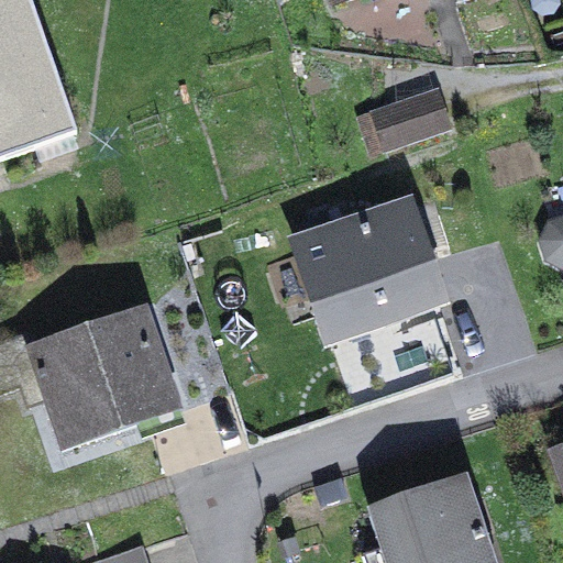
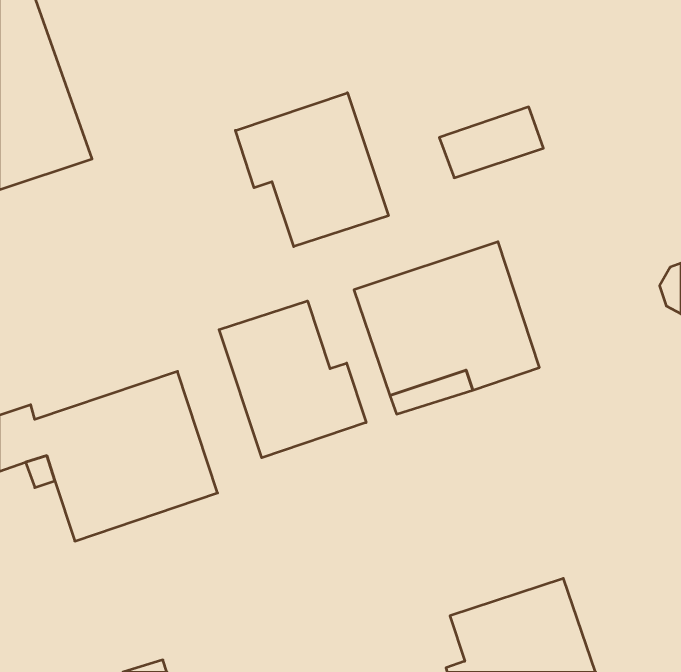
building: none -> [235,93,388,247]
building: none -> [219,301,366,458]

